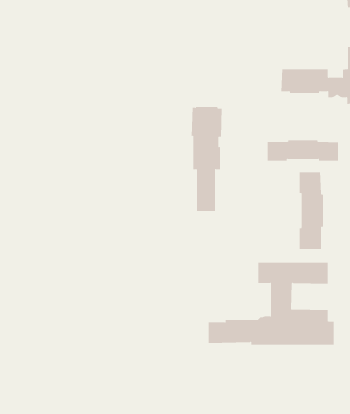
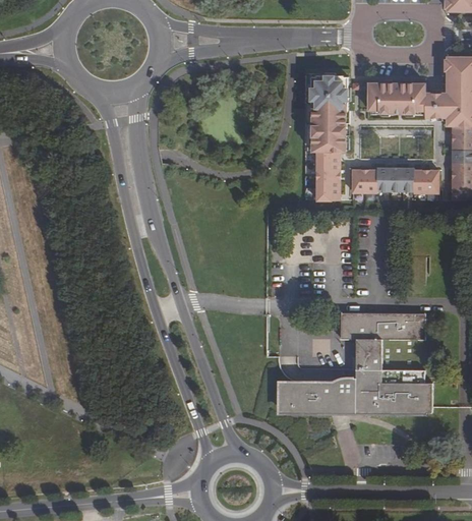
building: [191,106,223,212] -> [309,75,347,200]
building: [299,171,323,250] -> none

